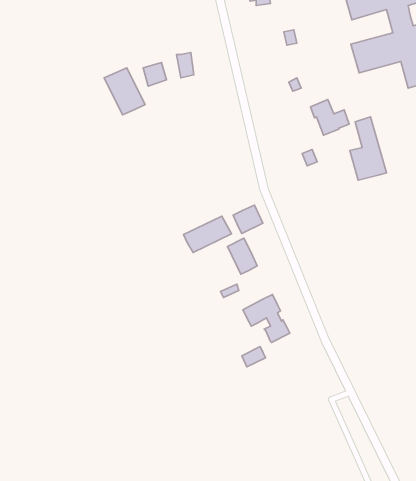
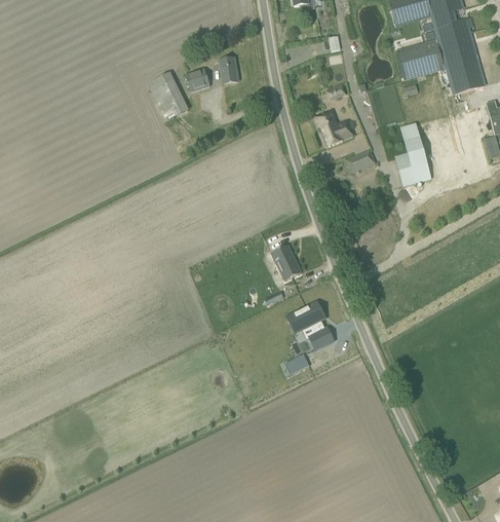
building: [310,100,349,135] -> [314,110,353,146]
building: [233,205,263,234] -> none
building: [183,216,232,252] -> none

